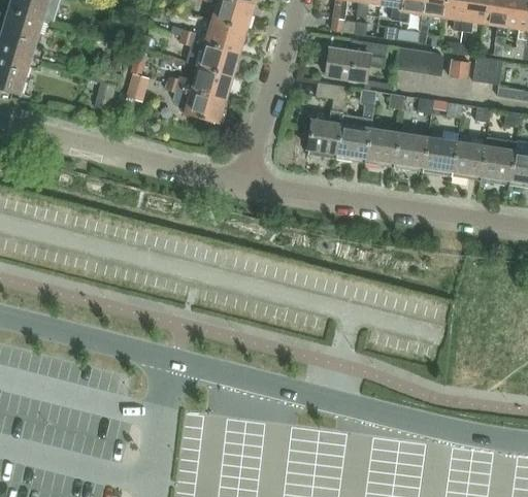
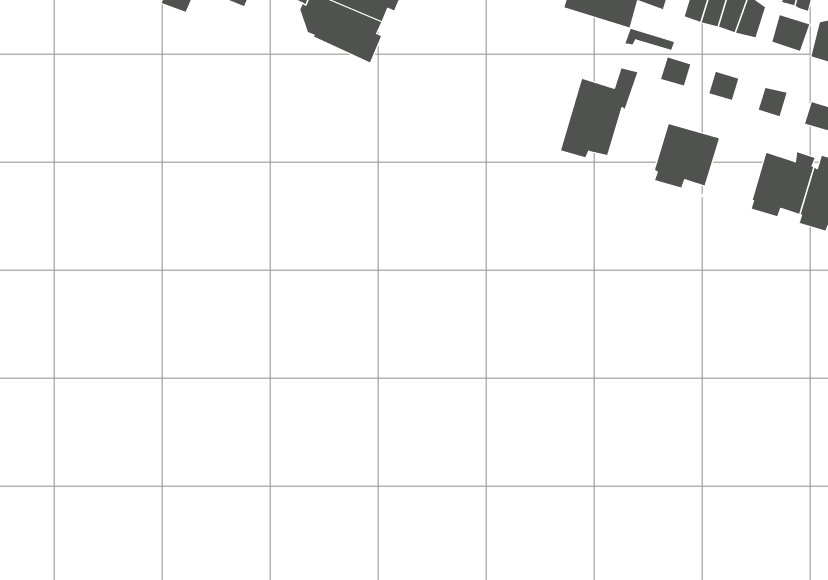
building: [306,81,346,158] -> none
building: [364,127,396,164] -> none
building: [422,131,455,172] -> none

